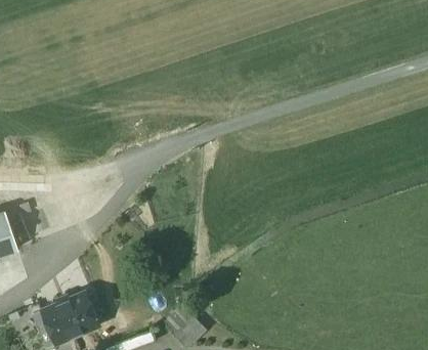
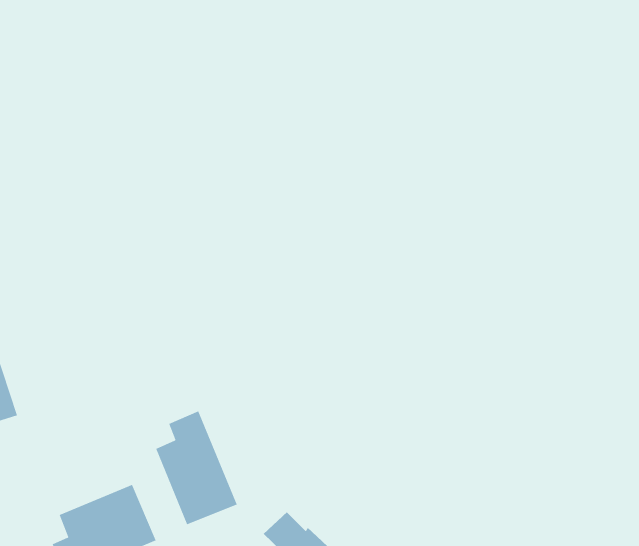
building: none -> [155,411,238,525]

